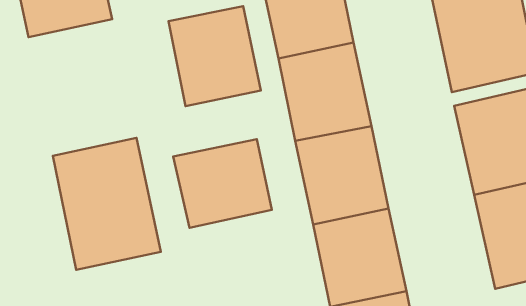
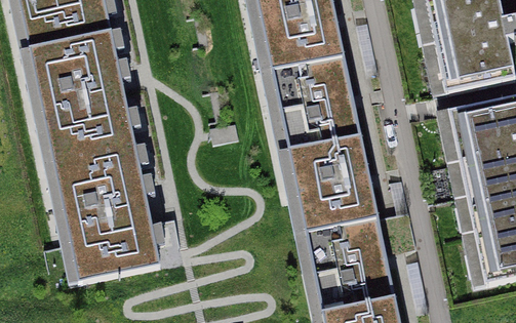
building: [169,6,261,106] -> none
building: none -> [29,35,133,167]
building: [173,139,272,228] -> none

